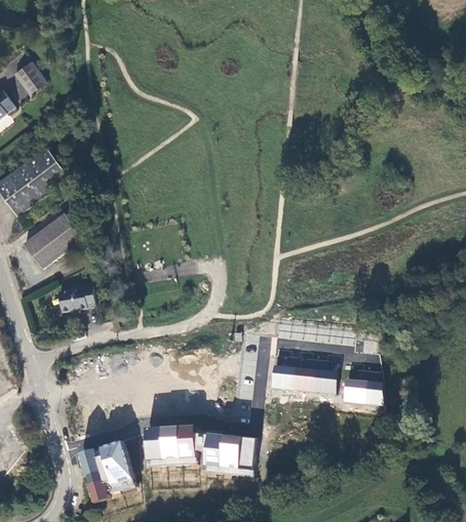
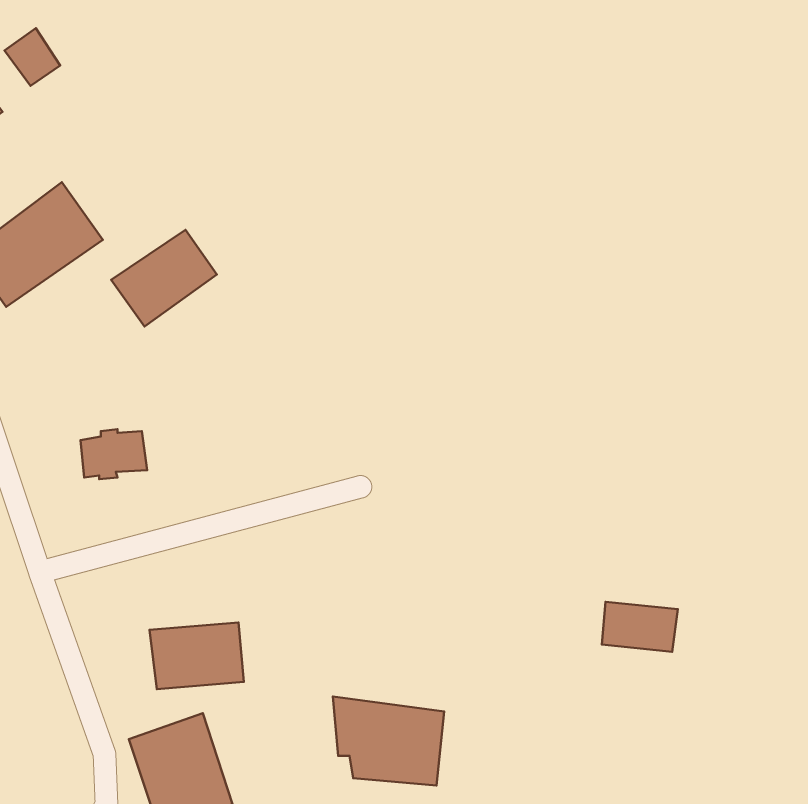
building: [20,213,78,267] -> [111,230,217,326]
building: [273,365,340,394] -> none
building: [145,430,197,467] -> [149,622,244,689]

